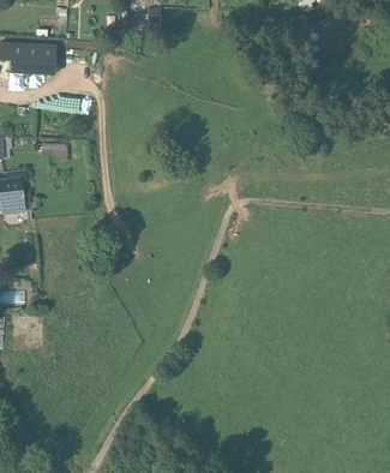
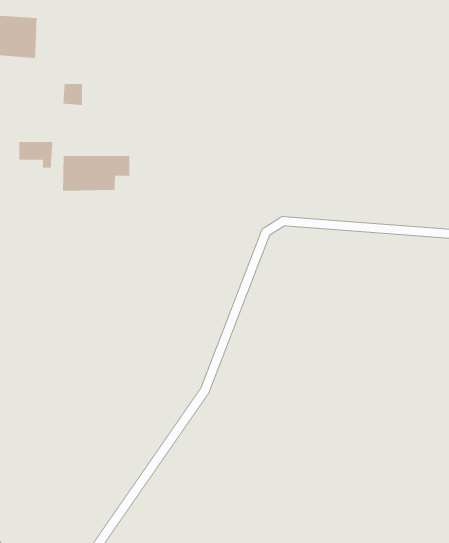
building: none -> [62,155,130,191]

